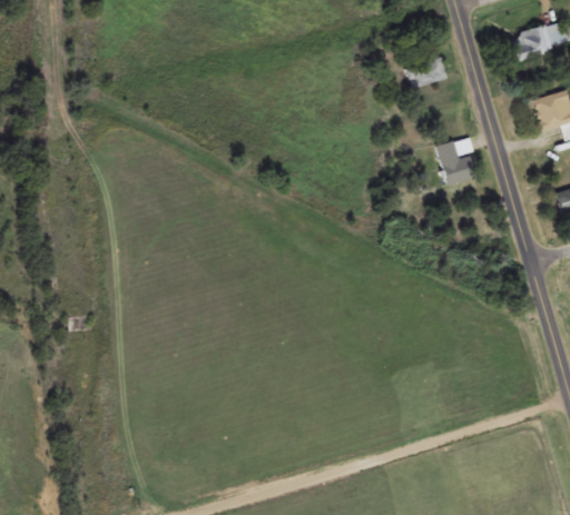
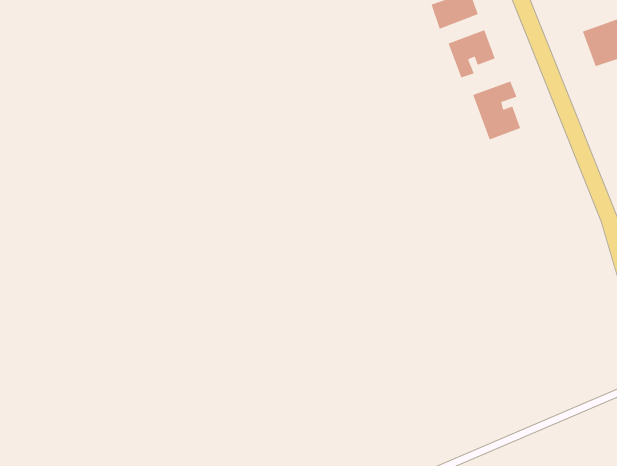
building: none -> [447,29,496,79]

